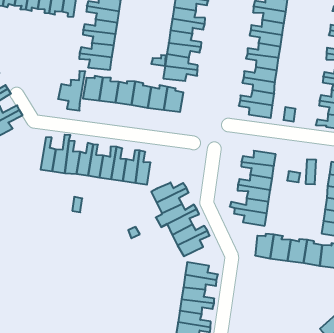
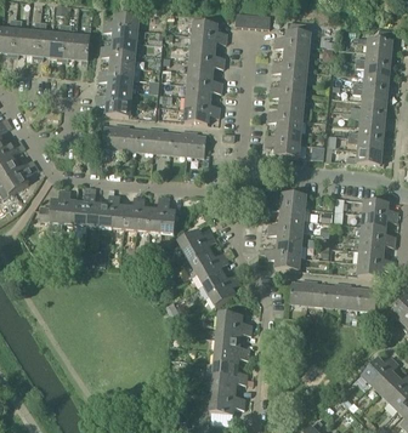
building: [58,71,85,111] -> [39,190,66,232]

